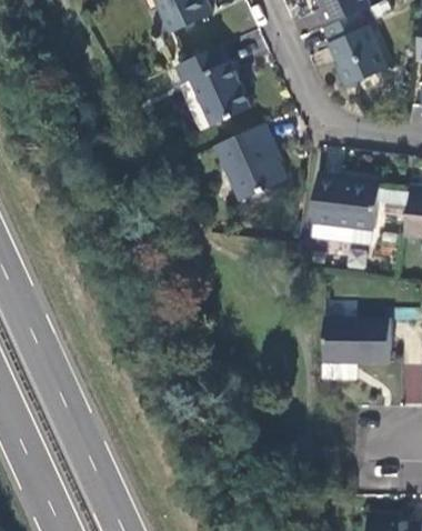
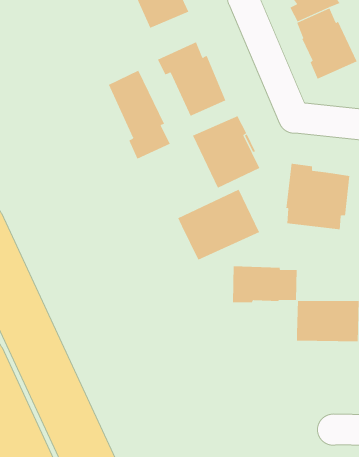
building: none -> [108,70,171,160]
building: none -> [178,189,260,260]
building: none -> [233,265,297,303]

